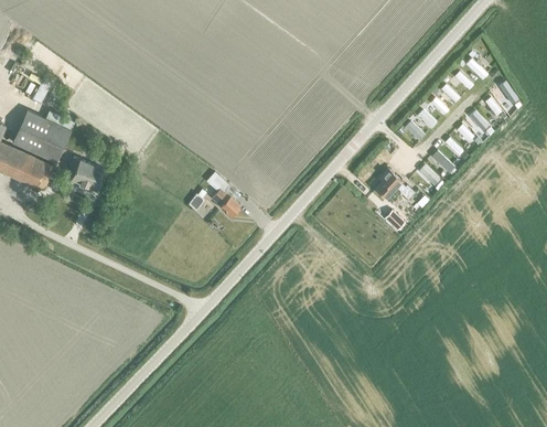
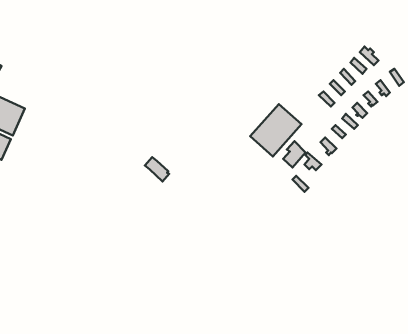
building: none -> [250,104,301,157]
building: [69,157,105,190] -> none

